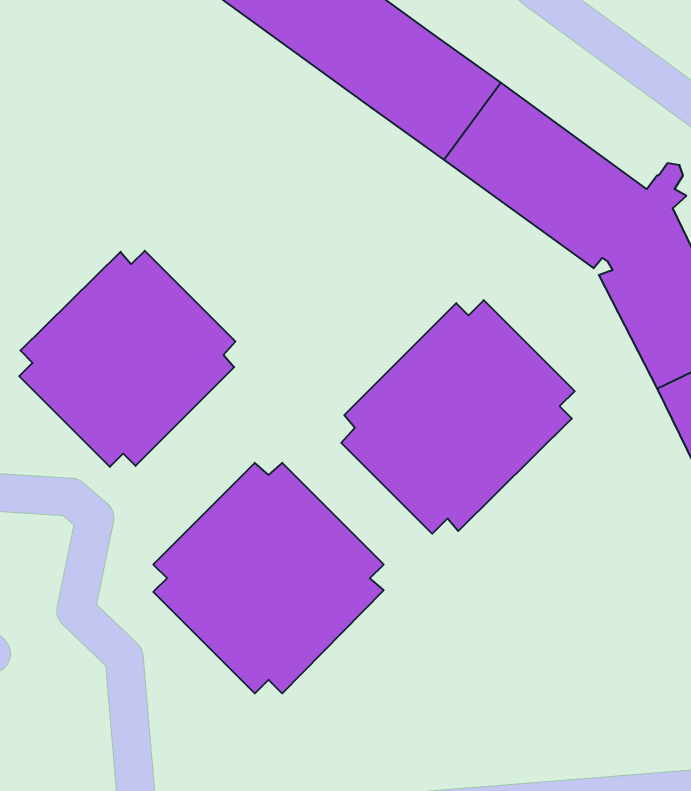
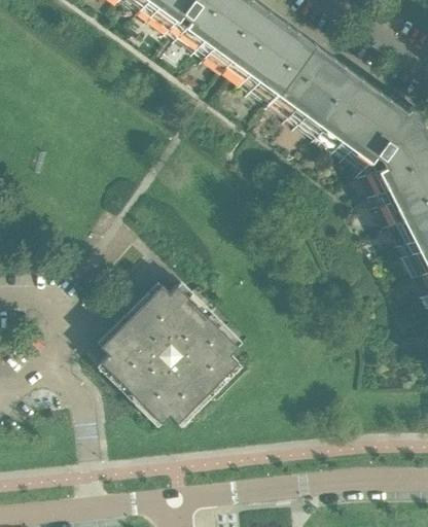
building: [19,251,235,467] -> none
building: [341,300,575,534] -> none

